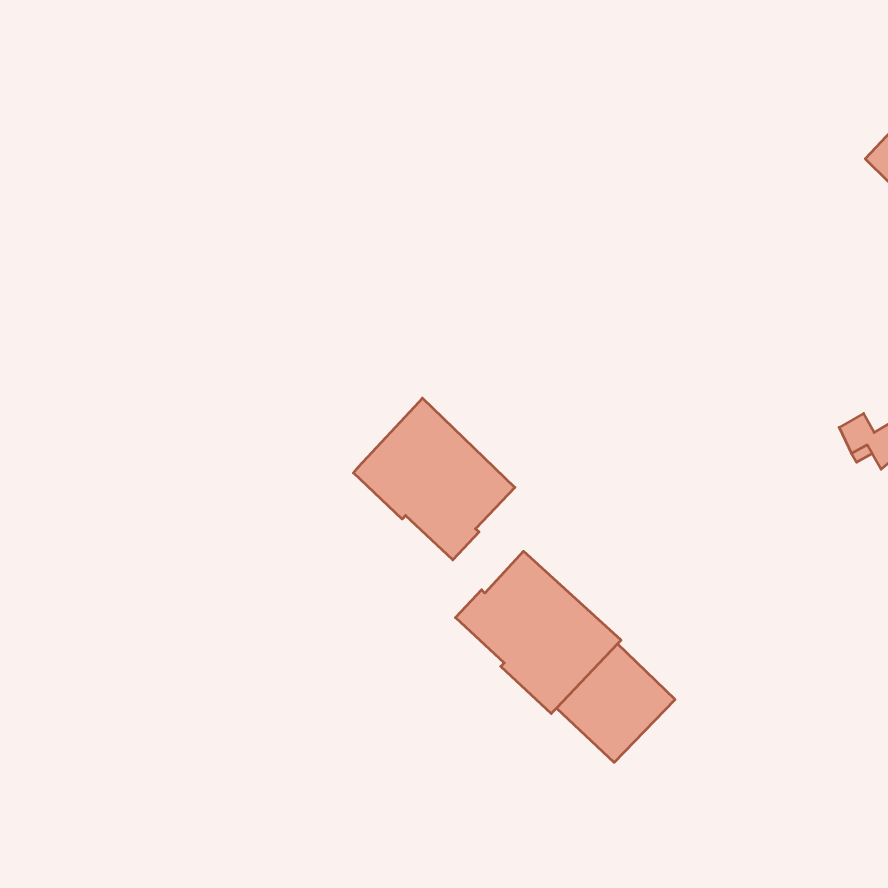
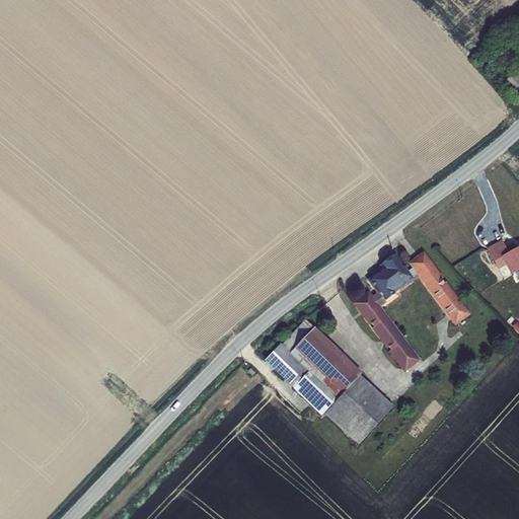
building: [353,398,515,560] -> none
building: none -> [357,253,467,367]

